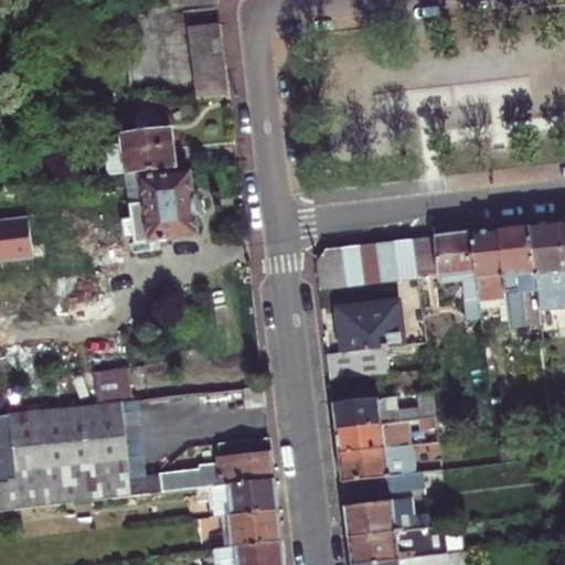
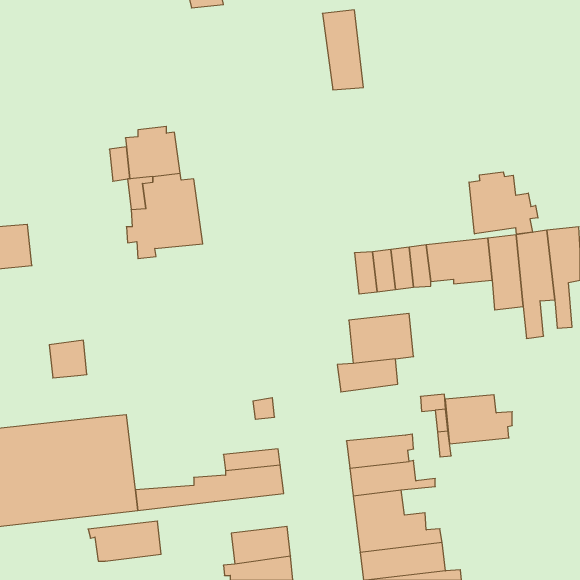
building: [188,21,227,98] -> [322,10,363,90]
building: none -> [469,172,538,234]
building: [316,245,348,288] -> none
building: [95,367,131,404] -> [49,340,87,378]
building: [331,380,396,427] -> [445,395,512,444]
building: [207,478,278,516] -> [88,521,161,561]

